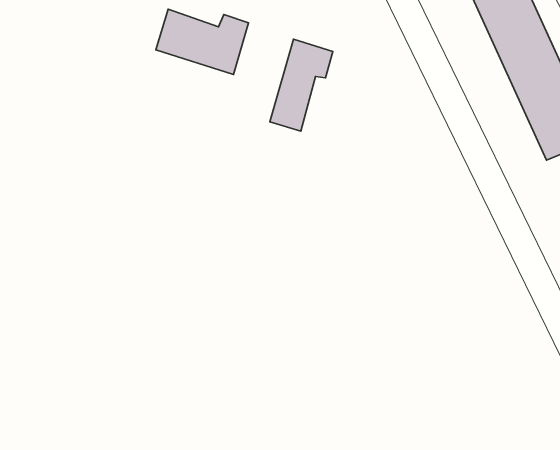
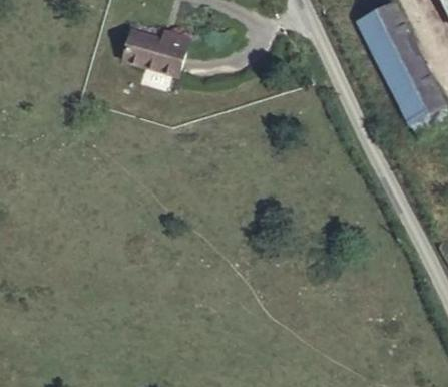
building: [270,39,333,131] -> none

